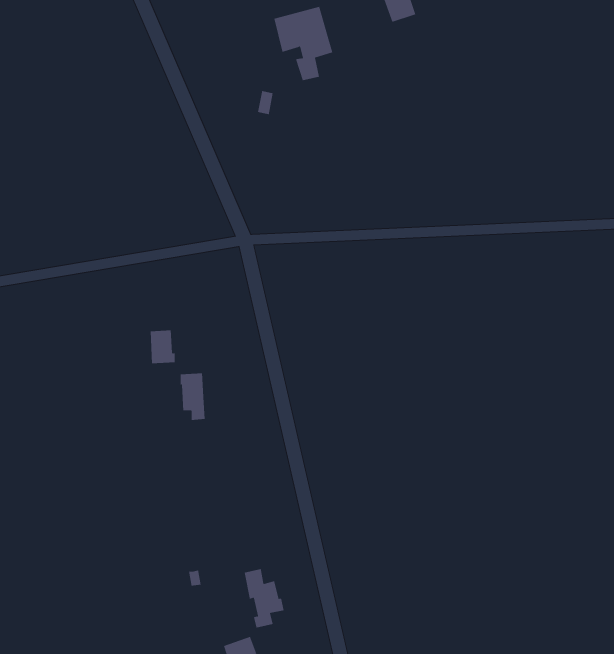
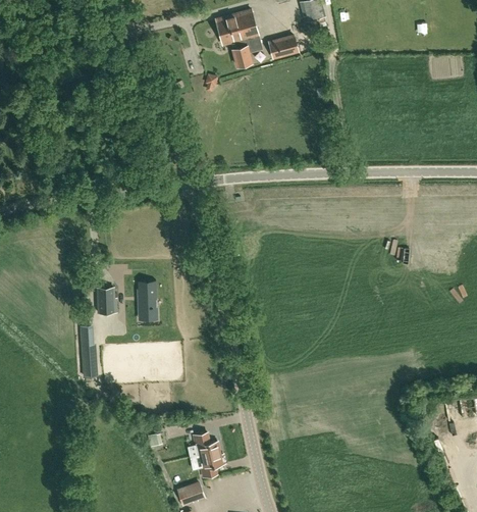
building: none -> [267,36,297,58]
building: [150,330,176,364] -> [96,288,115,313]

